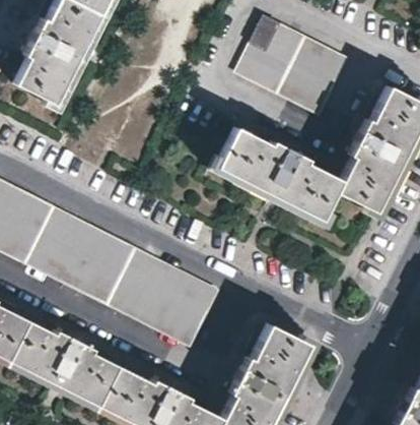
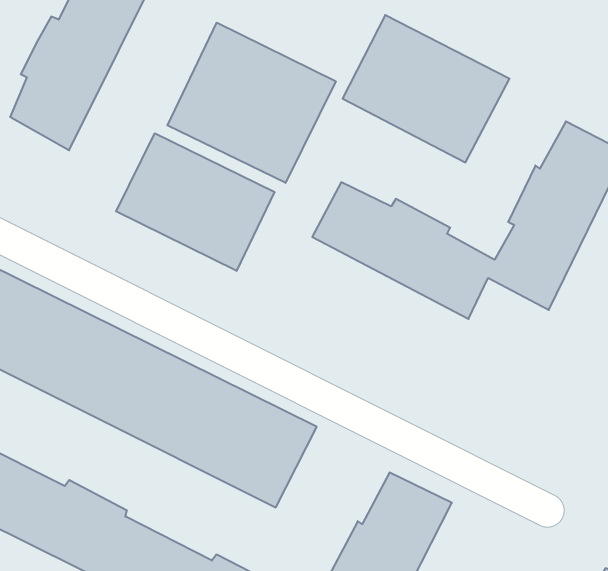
building: none -> [167,23,336,183]
building: none -> [116,133,274,271]

